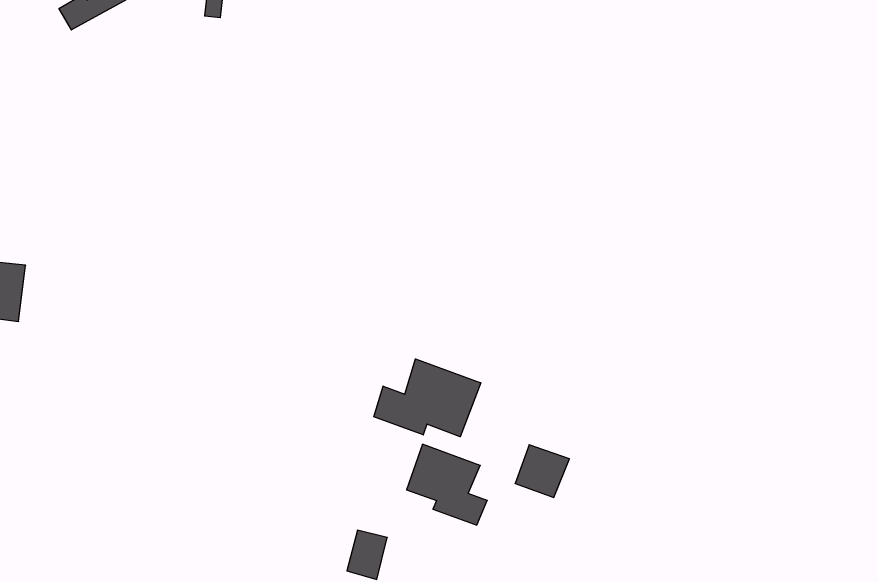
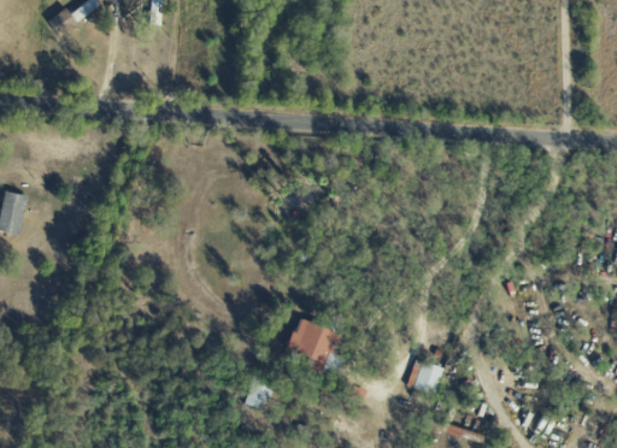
building: [374,359,481,437] -> none
building: [515,445,569,497] -> [406,359,443,395]

